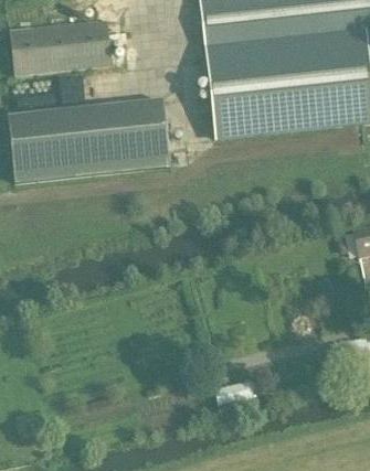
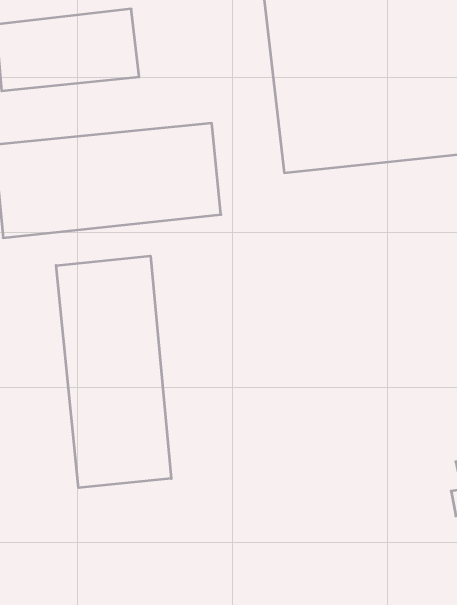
building: none -> [56,256,171,488]

